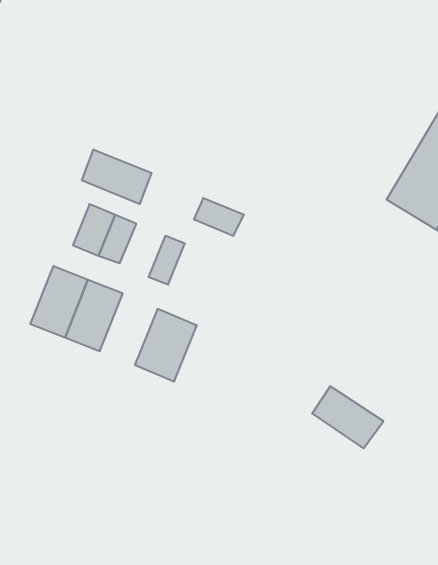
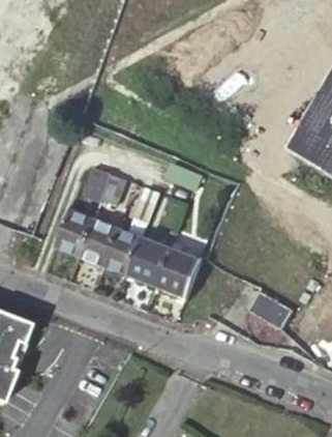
building: [82,149,152,204] -> none
building: none -> [99,223,139,271]
building: none -> [150,244,195,295]

